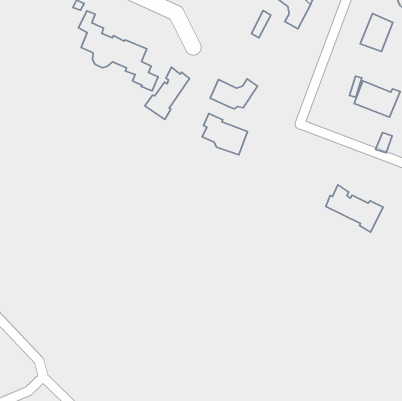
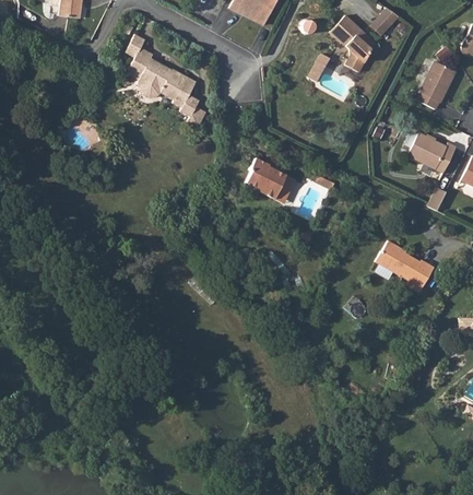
building: [145,67,189,119] -> none
building: [210,79,257,109] -> none

